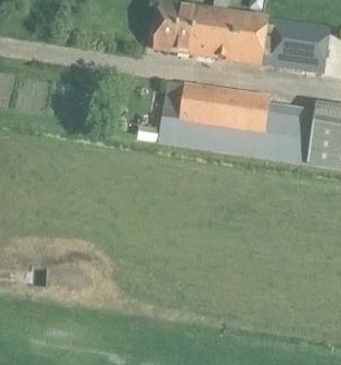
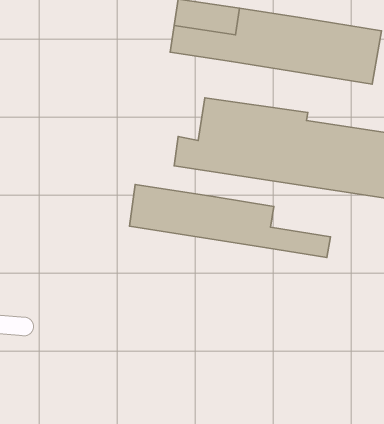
building: none -> [129,185,330,258]

